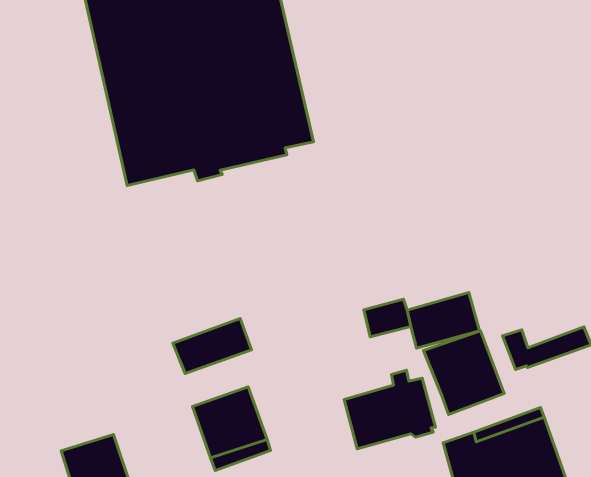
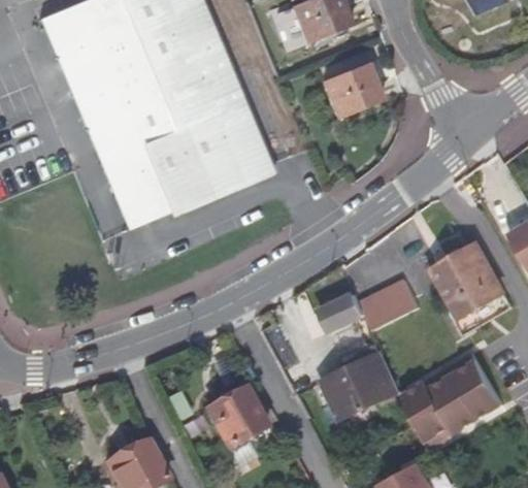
building: none -> [325,57,384,113]
building: [173,319,251,373] -> none
building: [424,331,504,415] -> [433,242,502,313]

